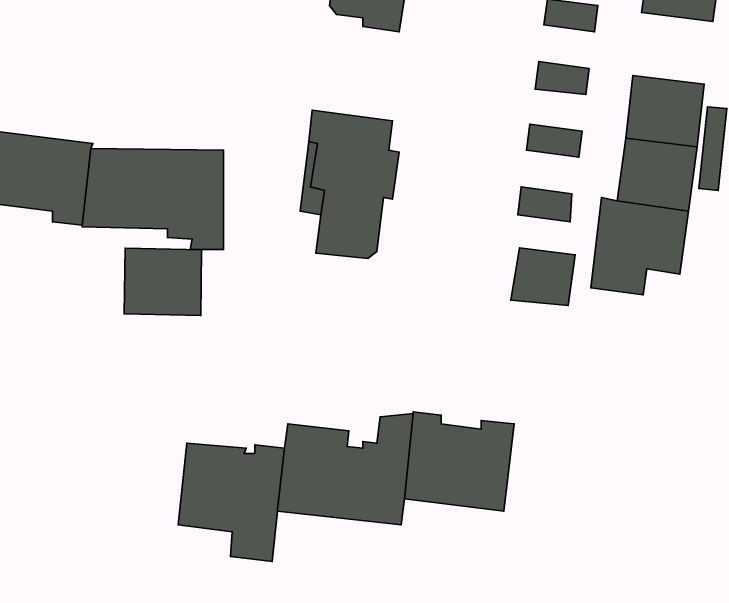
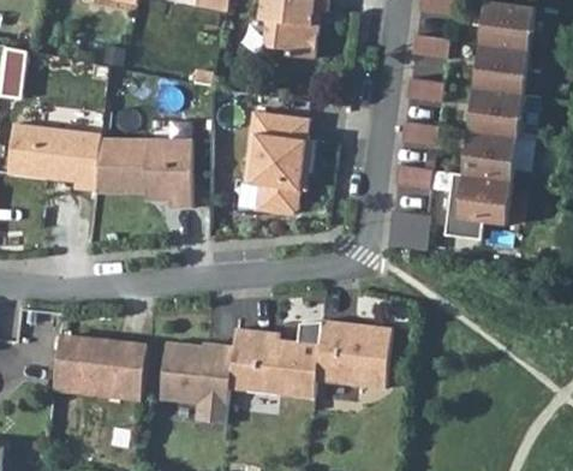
building: none -> [473,44,529,94]
building: [124,248,202,315] -> none
building: none -> [53,336,147,398]

